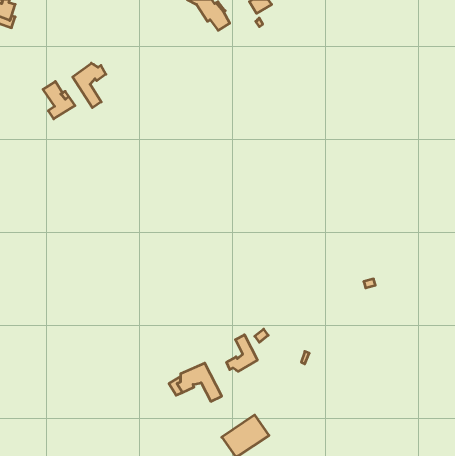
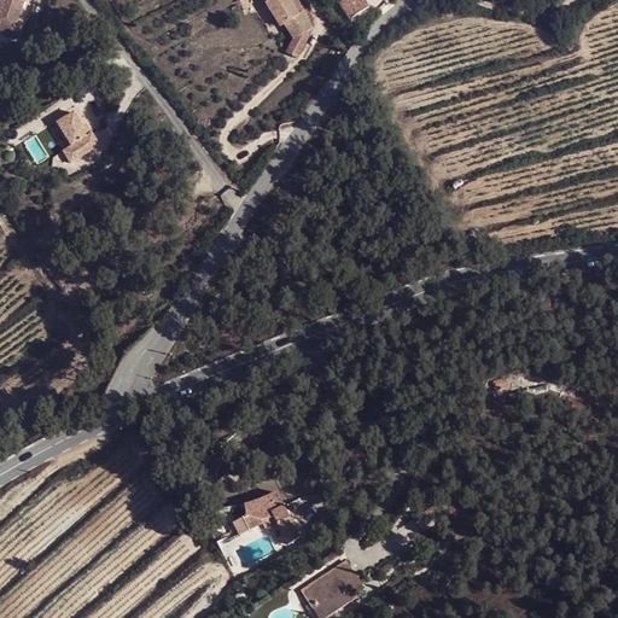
building: [73,63,106,108] -> none
building: [227,335,257,371] -> none

